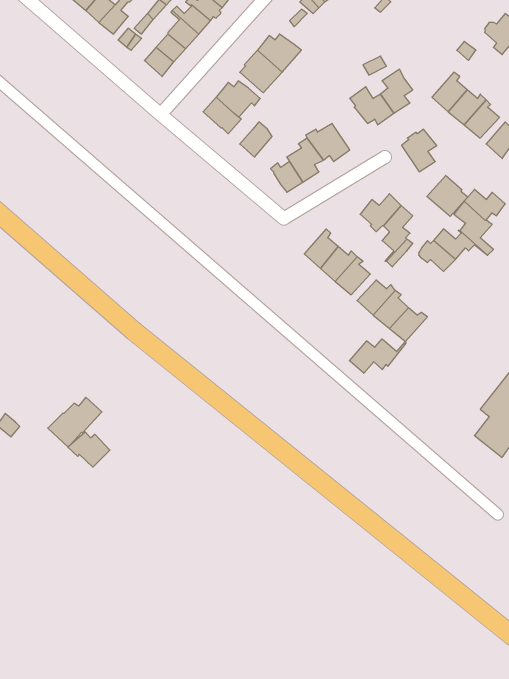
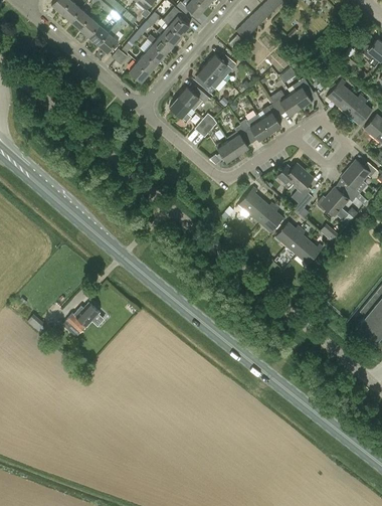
building: [402,129,437,172] -> [258,104,282,133]
building: [427,175,468,216] -> none
building: [349,339,406,373] -> none
building: [68,432,110,467] -> none

